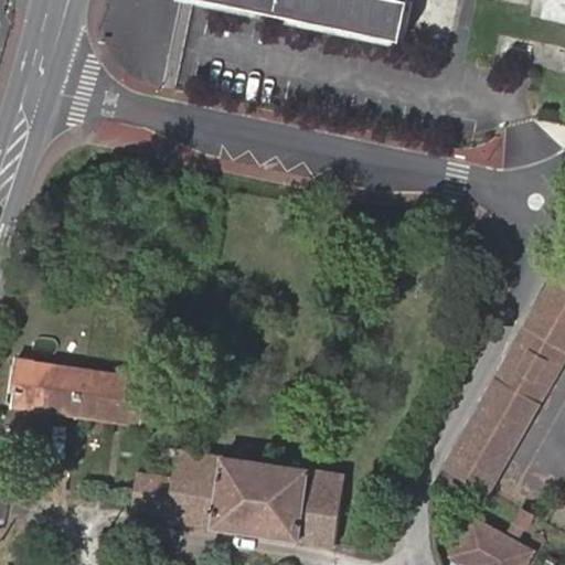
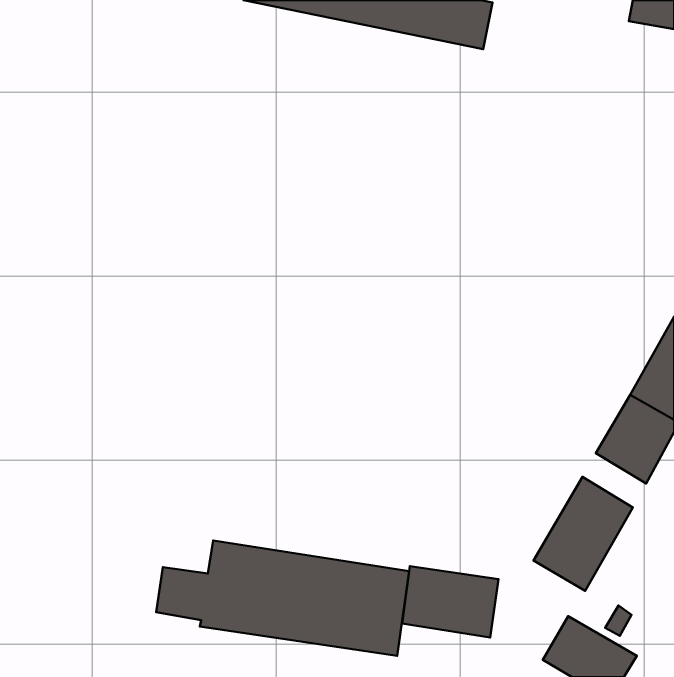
building: [10,360,150,426] -> none
building: [486,377,539,423] -> none
building: none -> [402,566,499,638]

